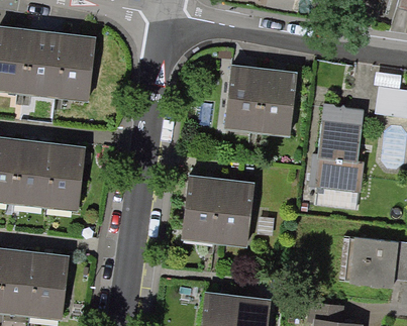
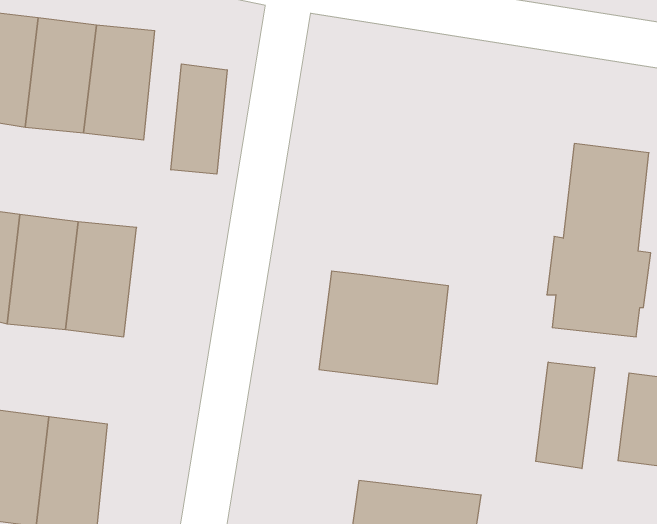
building: none -> [171,64,227,174]
building: [226,65,298,124] -> none
building: none -> [536,362,595,469]

